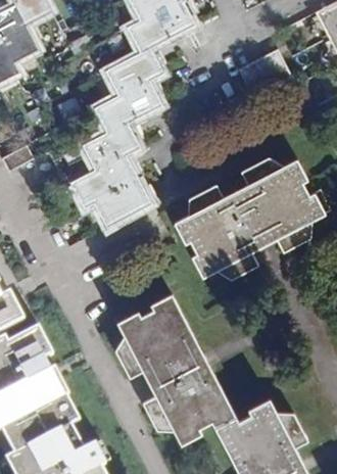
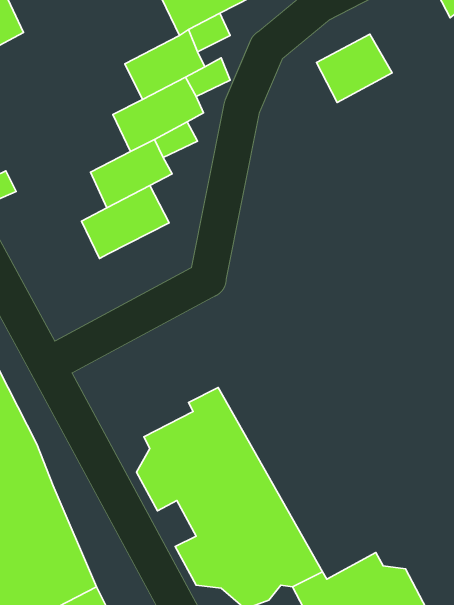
building: [184,162,323,284] -> none
building: [91,179,144,225] -> none

